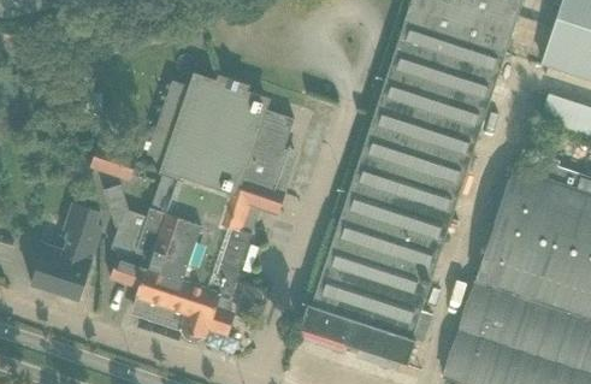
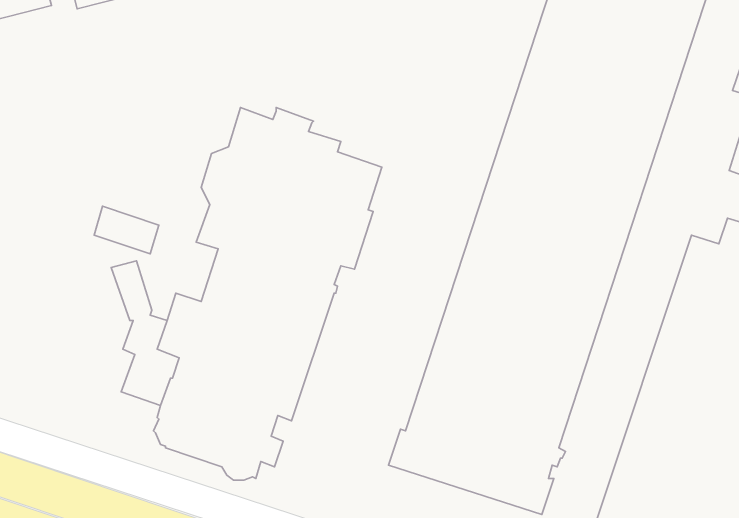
building: [30,203,102,300] -> none

